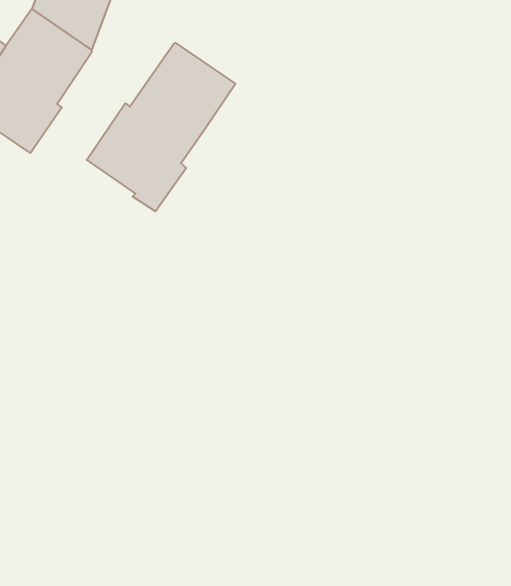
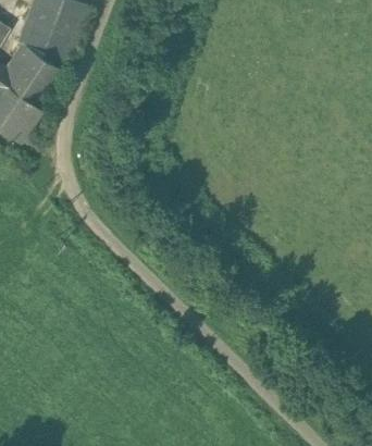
building: [87,43,235,211] -> none

